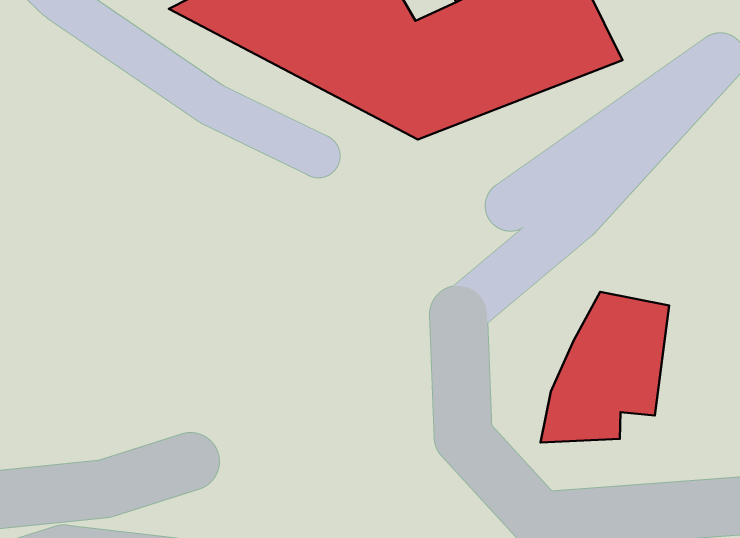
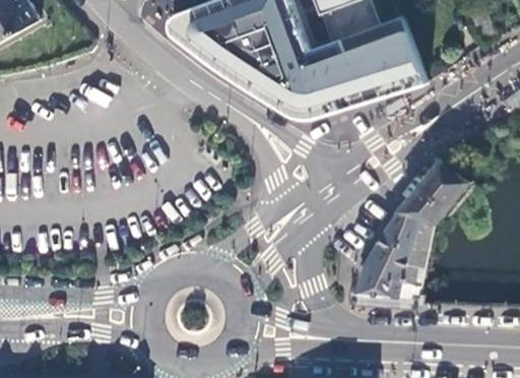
building: none -> [396,156,472,222]

